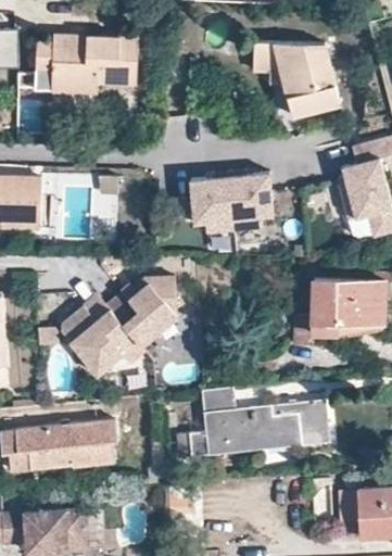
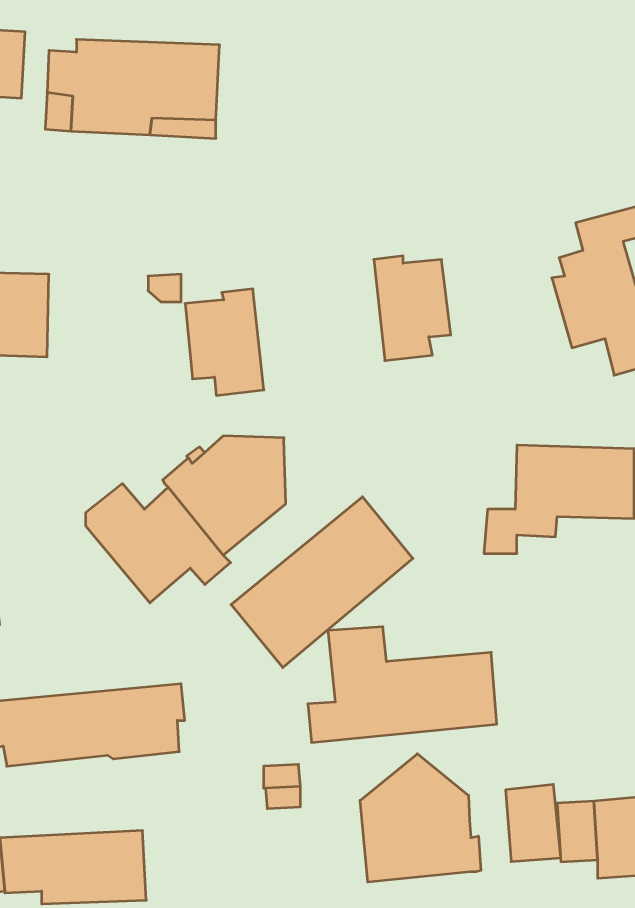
building: [252,41,337,115] -> none
building: [189,170,236,233] -> [185,289,264,395]
building: none -> [231,497,413,668]
building: [299,400,331,445] -> [506,784,561,862]
building: none -> [360,754,481,882]

